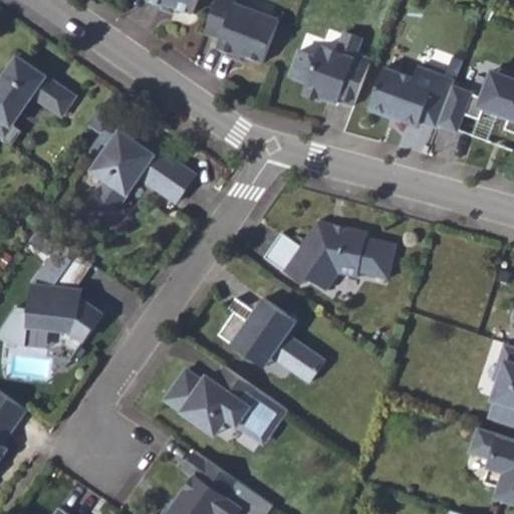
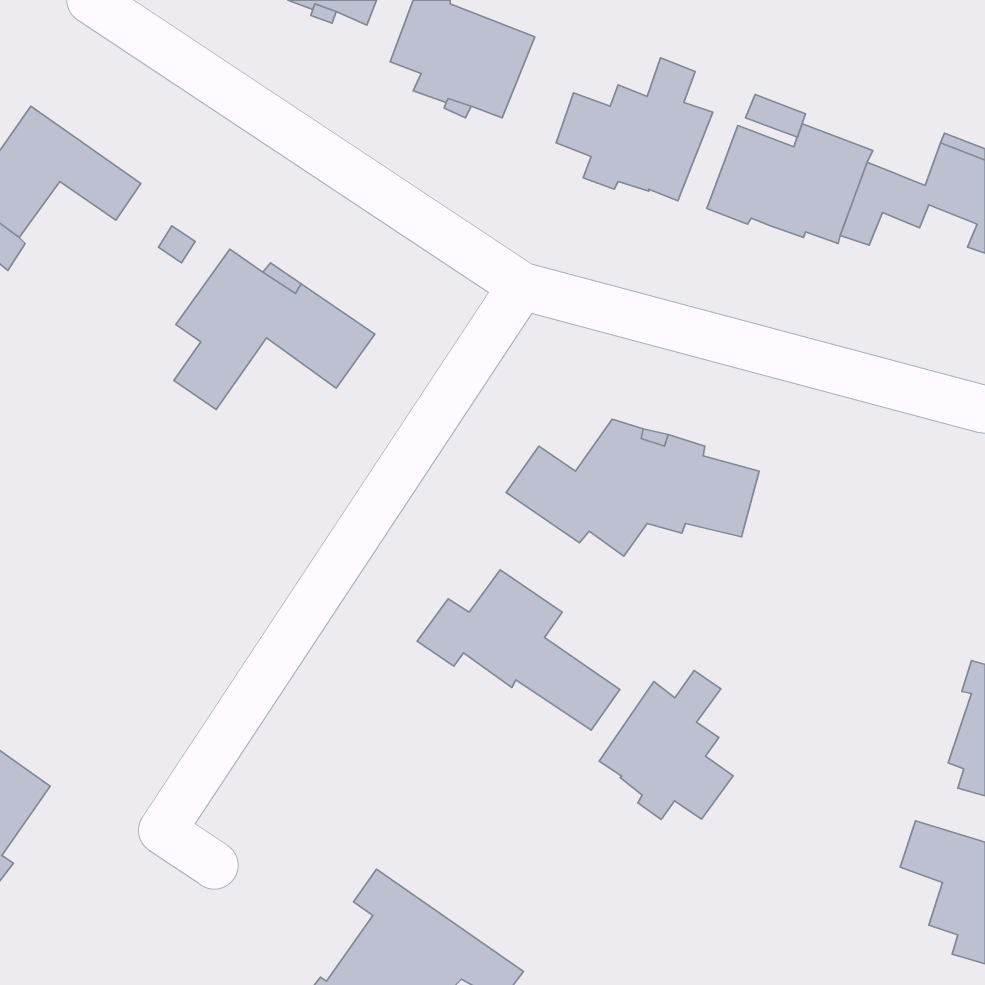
building: [27,243,101,346] -> none
building: none -> [599,670,733,819]
building: [164,366,285,439] -> none

